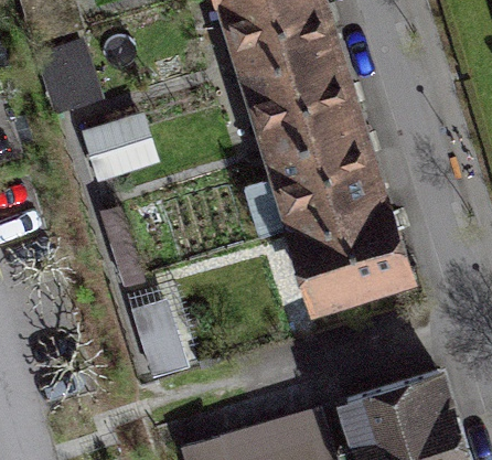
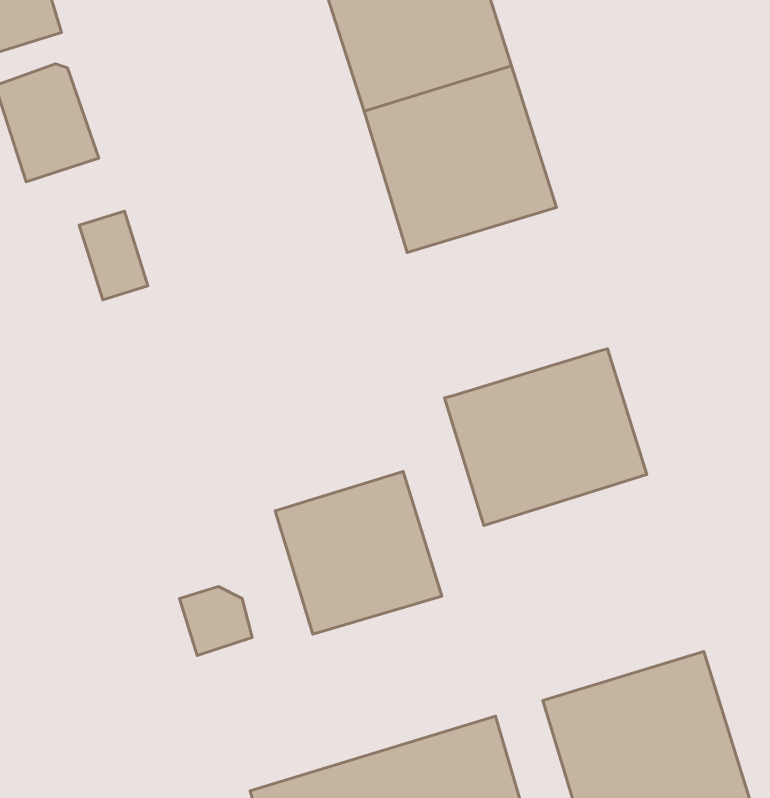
building: [272,126,381,232] -> none
building: none -> [275,472,442,634]

